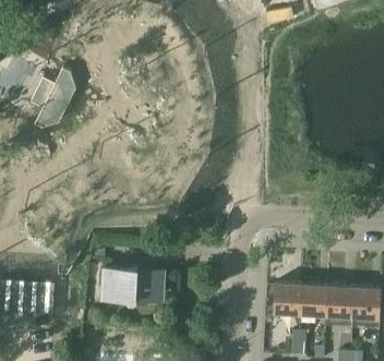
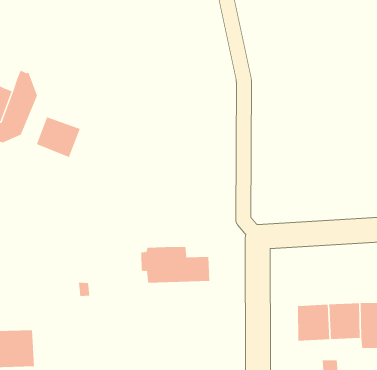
building: none -> [36,117,80,158]
building: [98,267,156,300] -> [141,246,210,283]

